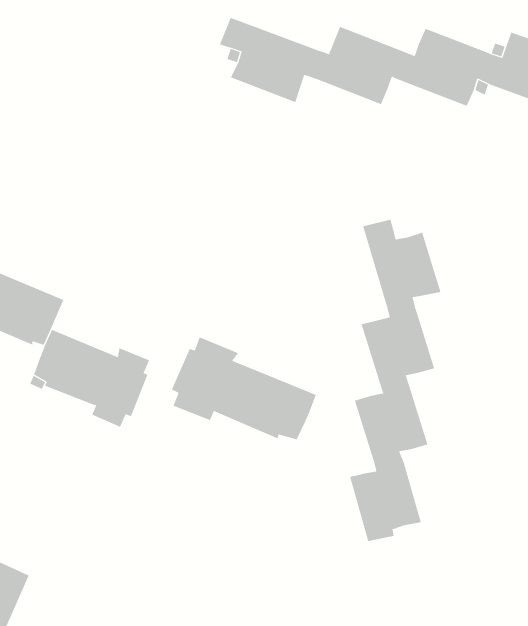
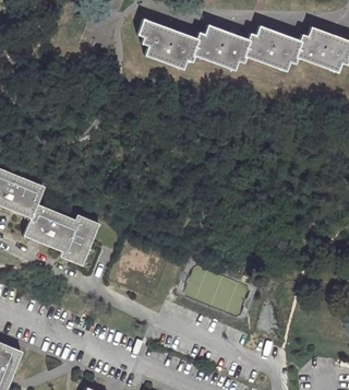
building: [350,219,441,542] -> none
building: [171,337,316,440] -> none

